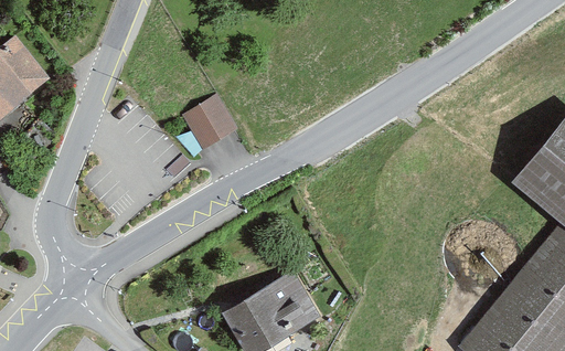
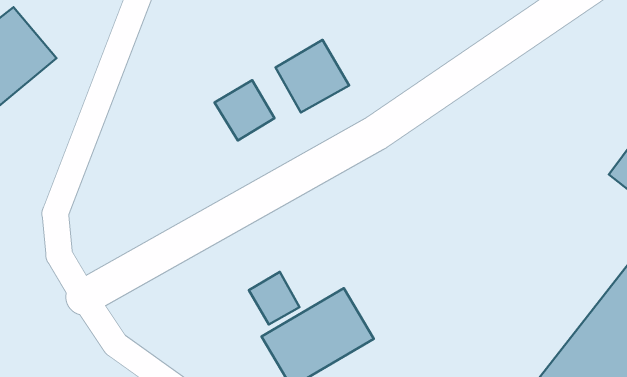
building: none -> [276,40,349,112]
building: none -> [249,272,300,325]

